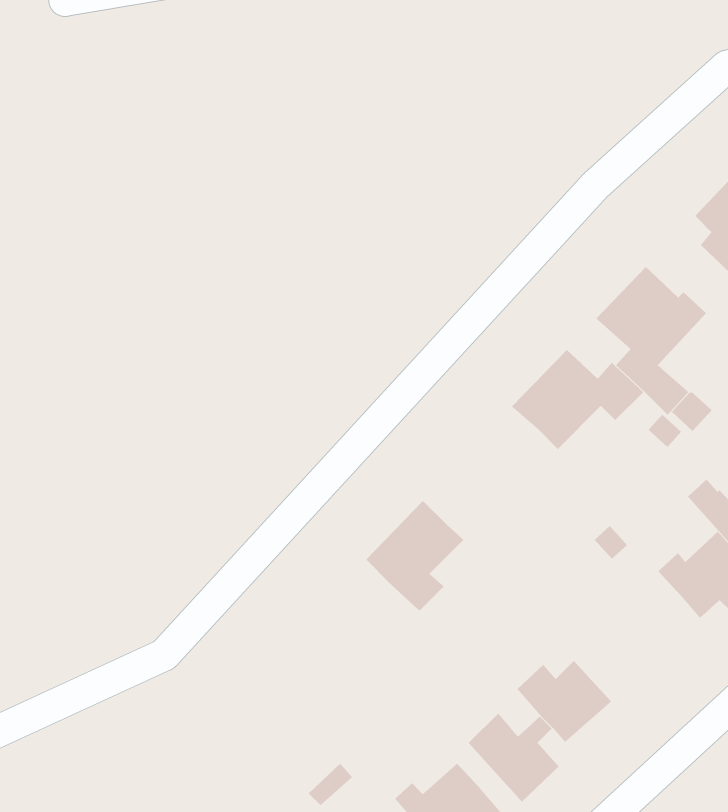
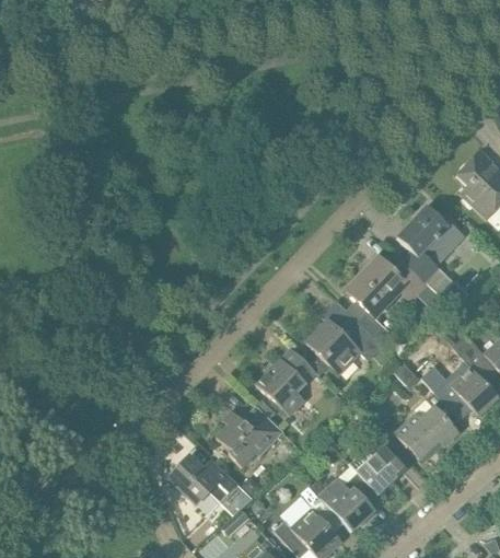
building: none -> [306,299,383,372]
building: none -> [395,391,460,457]
building: none -> [216,404,283,466]
building: none -> [167,454,237,503]

